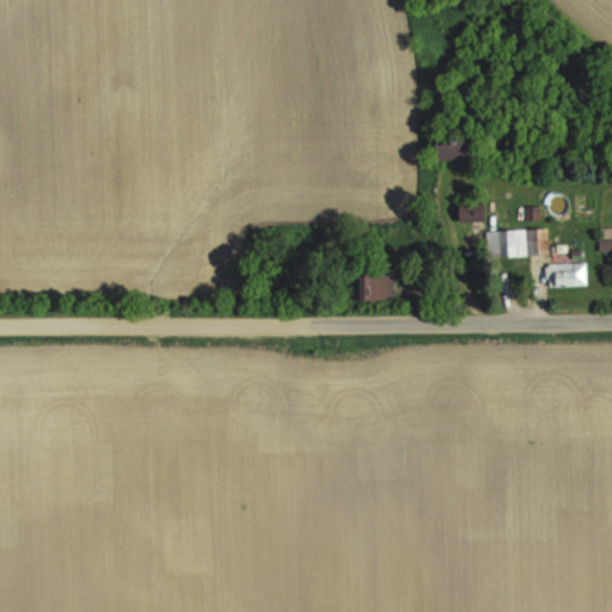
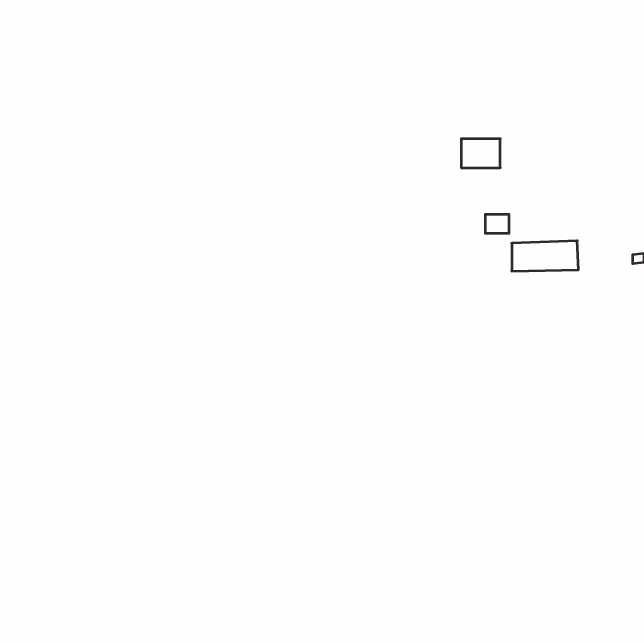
building: [546,263,587,287] -> none
building: [362,274,393,302] -> none

